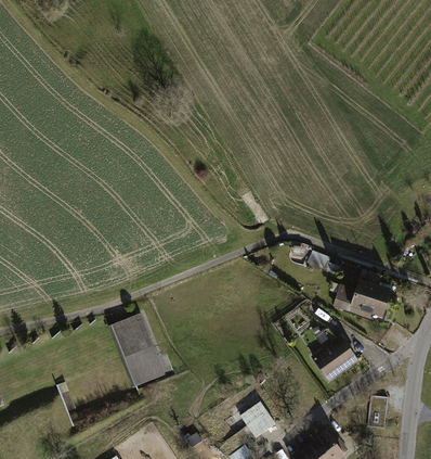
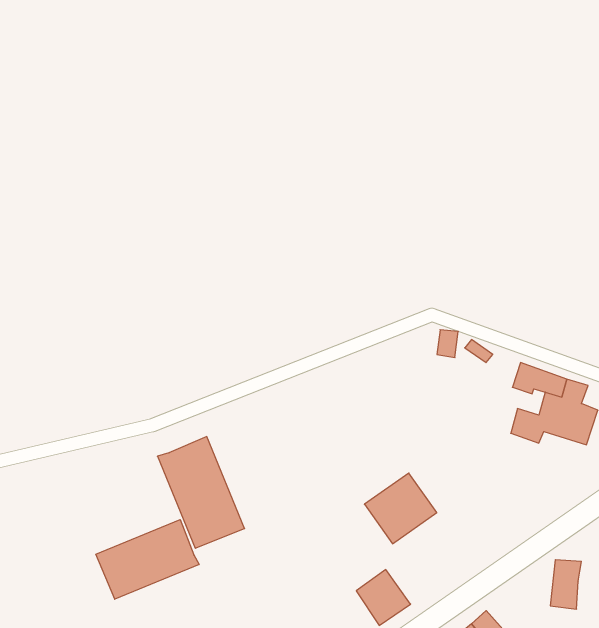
building: [310,335,357,382] -> [364,473,437,544]
building: none -> [96,520,199,599]

